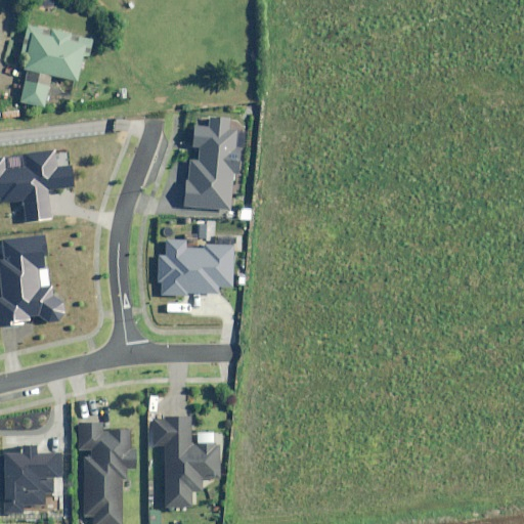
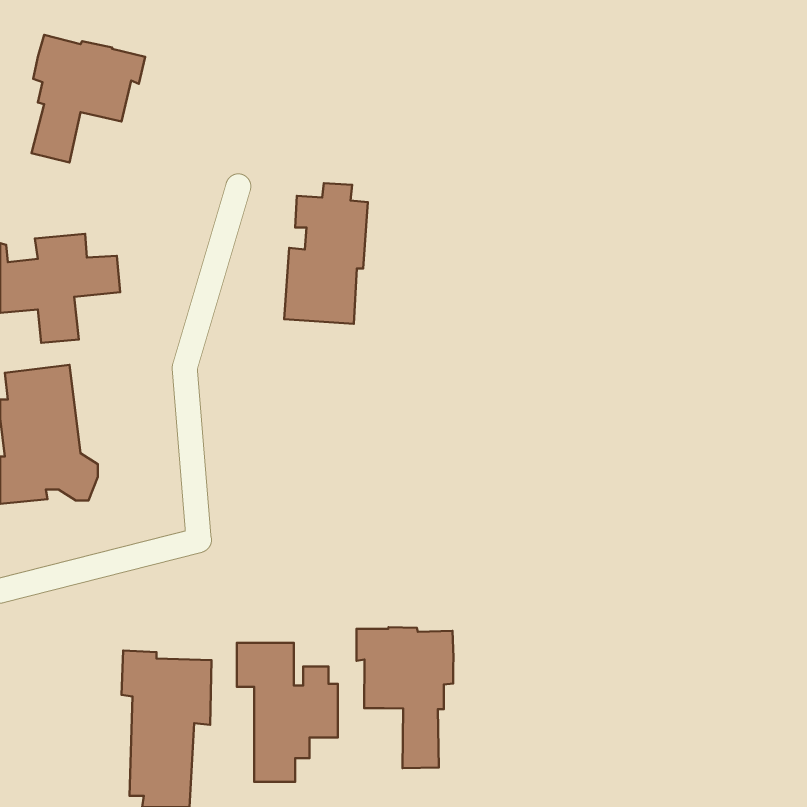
building: [158,239,233,297] -> none
building: none -> [357,627,454,768]
building: [4,446,57,513] -> none

